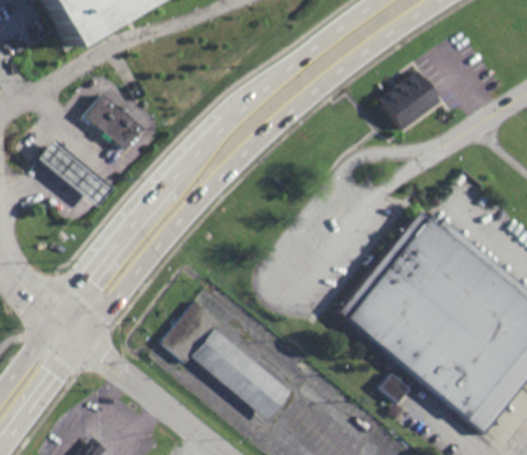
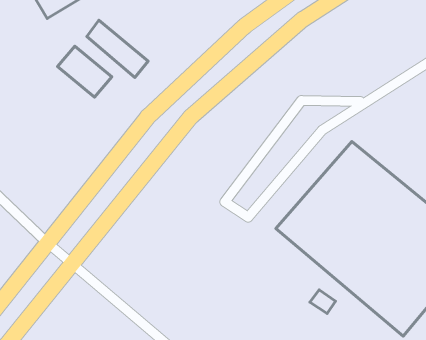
building: [379,68,441,127] -> none
building: [36,140,109,208] -> [87,20,148,78]
building: [159,305,292,425] -> none

